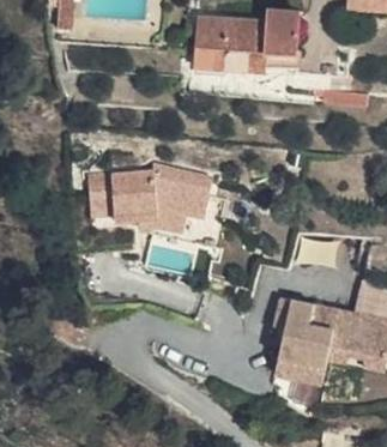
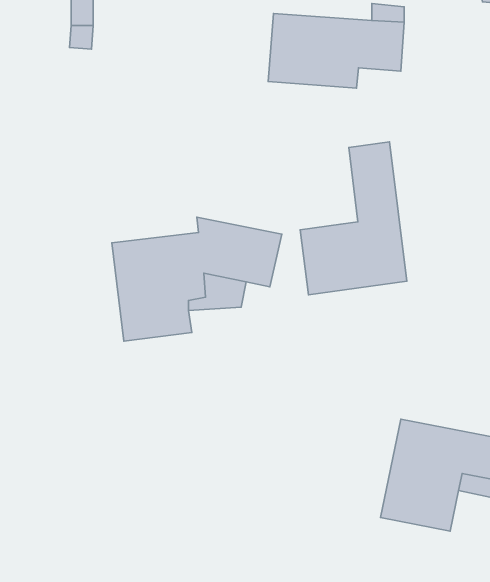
building: none -> [300,142,407,295]

